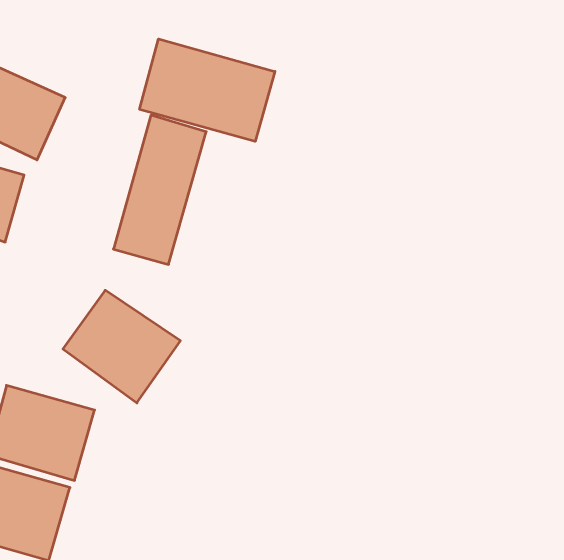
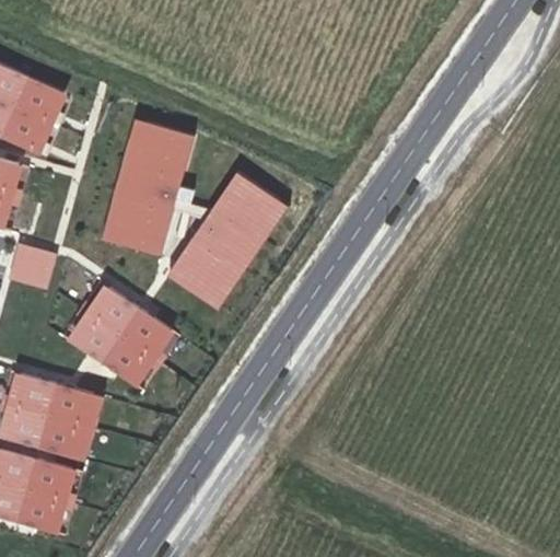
building: [140,39,275,141] -> none
building: none -> [167,170,289,310]
building: none -> [11,244,56,286]

